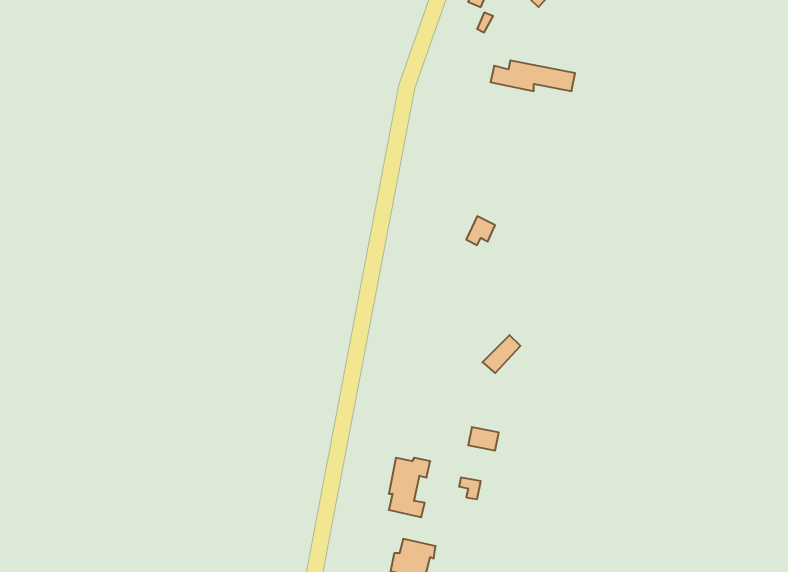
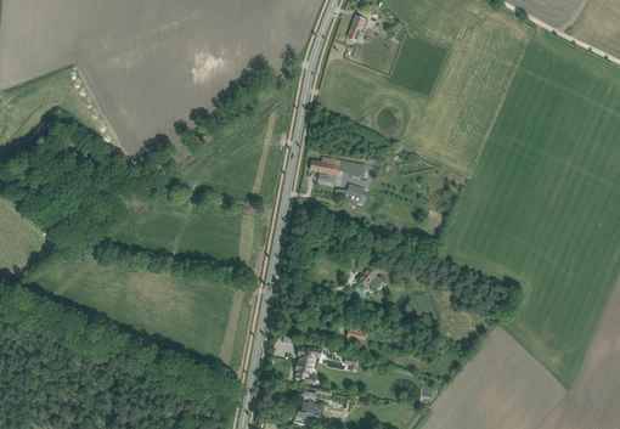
building: [490,60,575,91] -> [309,157,366,177]

